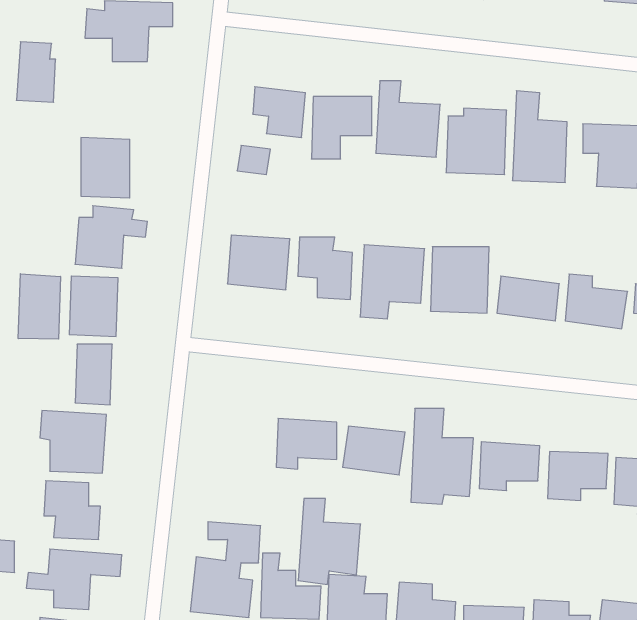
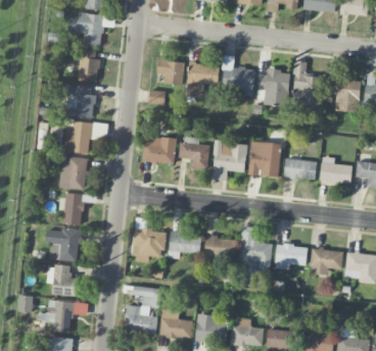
building: [16,42,56,102] -> [78,49,98,81]
building: [18,274,60,339] -> none
building: [298,499,361,584] -> [133,217,166,262]

